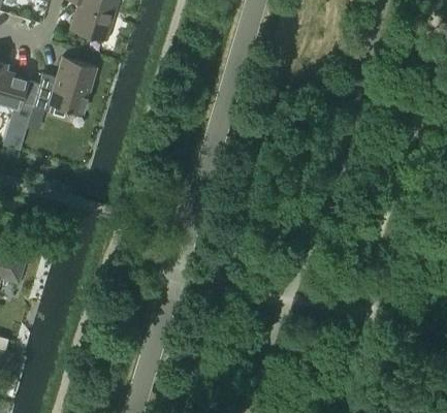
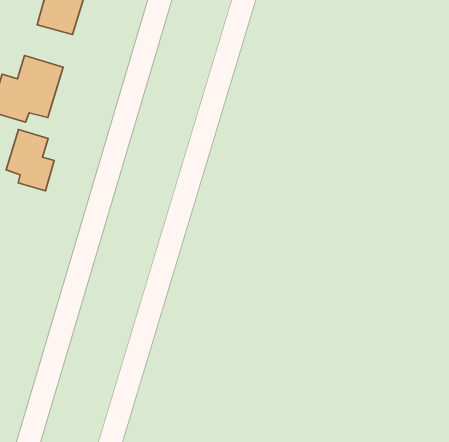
building: none -> [6,129,54,191]

